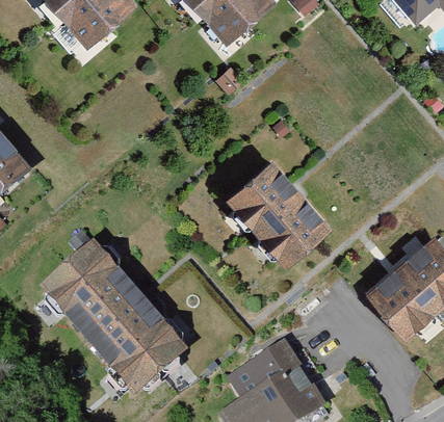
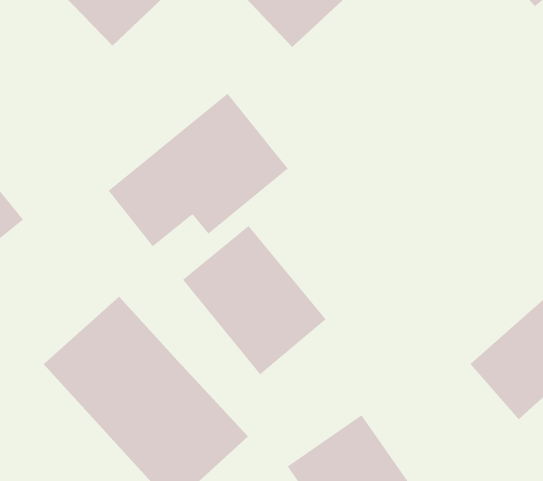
building: none -> [108,93,289,247]
building: [224,158,334,272] -> [182,225,326,375]

